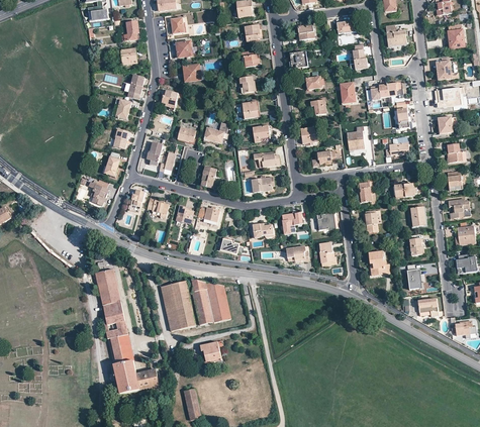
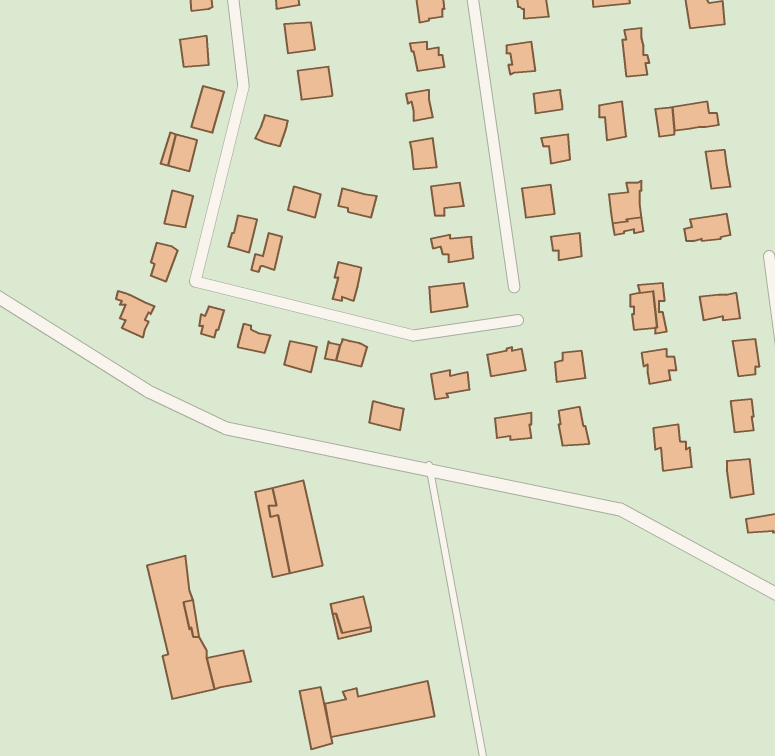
building: [96,270,124,325] -> none
building: [192,280,231,324] -> none
building: none -> [325,681,434,737]

